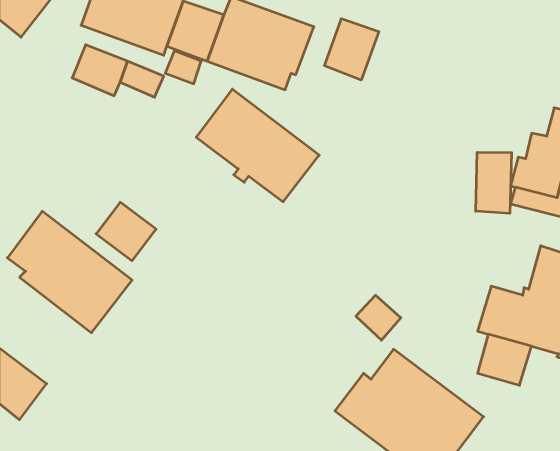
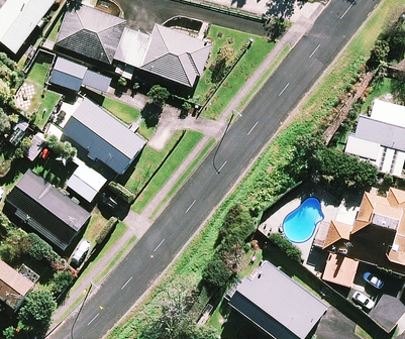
building: [325,19,379,80] -> none
building: [196,89,319,202] -> [62,98,144,174]
building: [476,152,512,213] -> none

